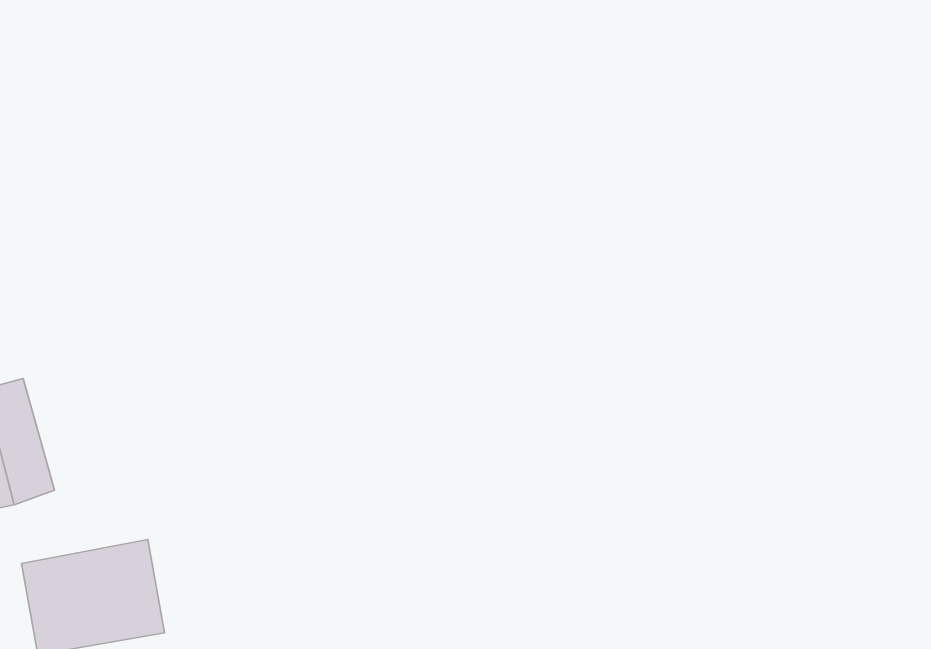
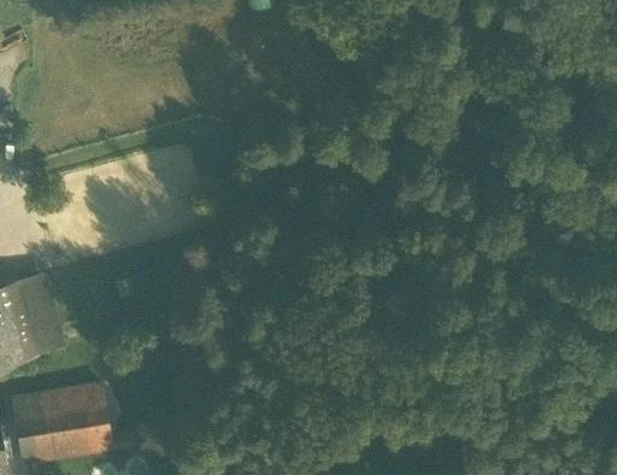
building: none -> [16,271,67,353]

